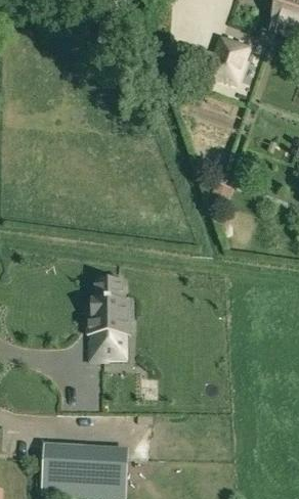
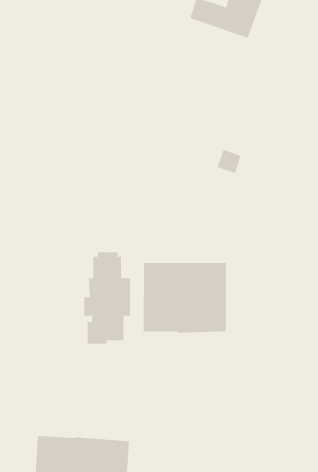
building: none -> [143,262,226,333]

